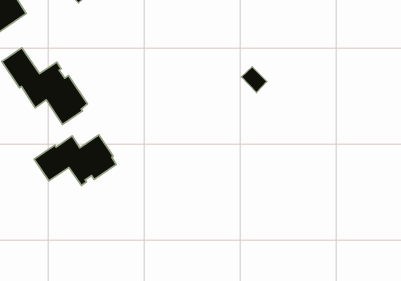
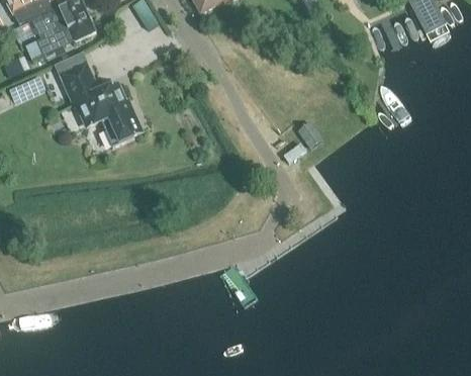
building: [34,135,116,185] -> none

